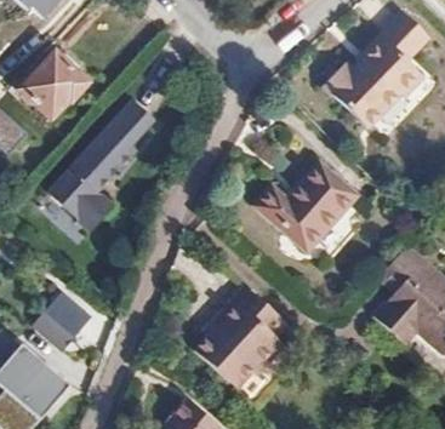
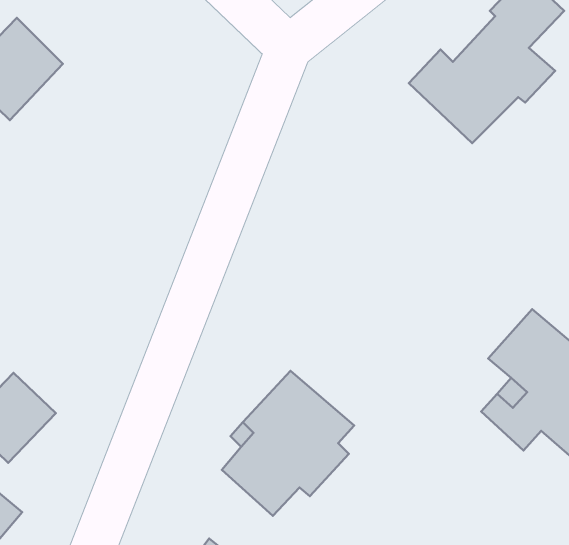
building: [50,101,155,233] -> none
building: [256,159,358,248] -> none

